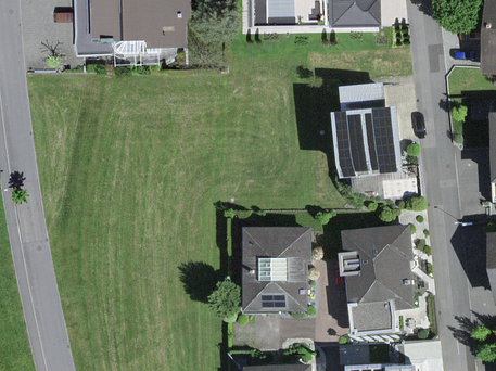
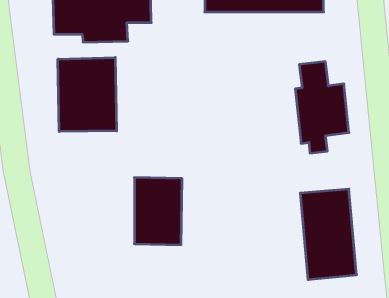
building: none -> [58,57,117,132]
building: [253,229,306,304] -> [134,178,182,245]

